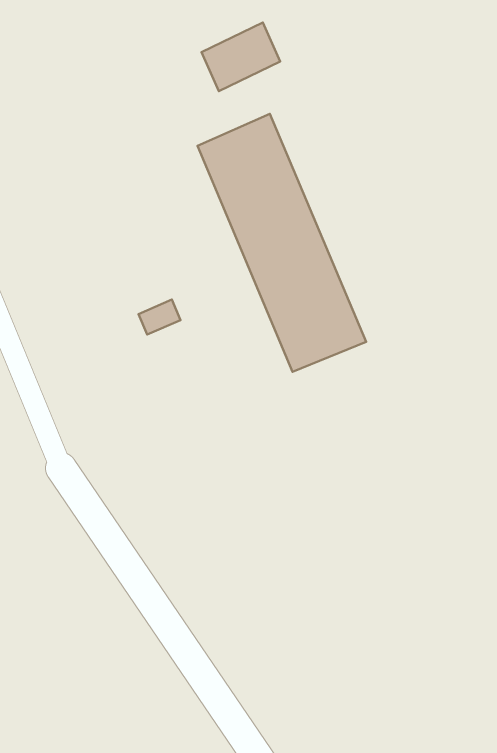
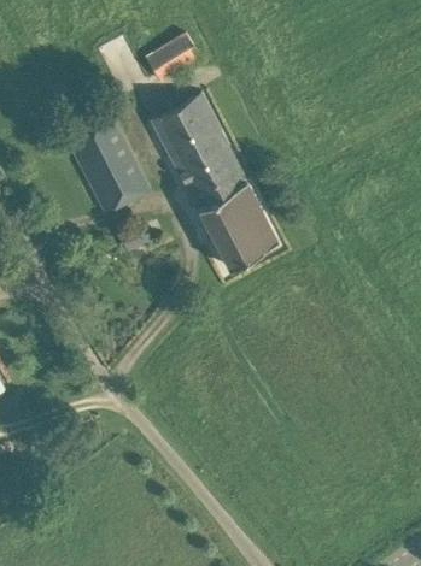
building: none -> [63,108,148,211]

